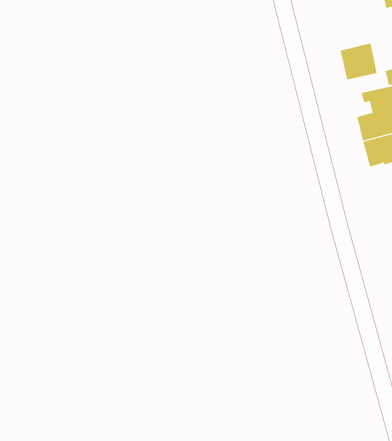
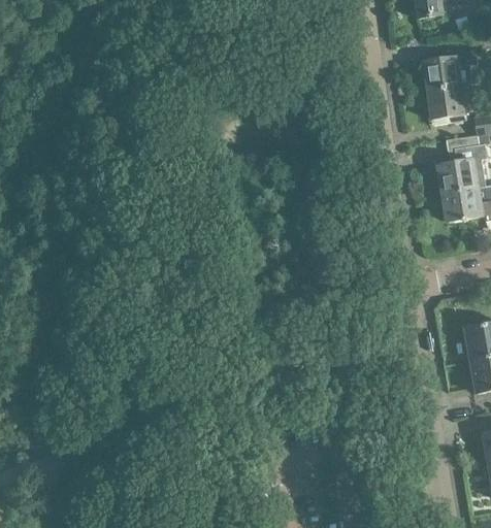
building: none -> [422,50,477,91]

